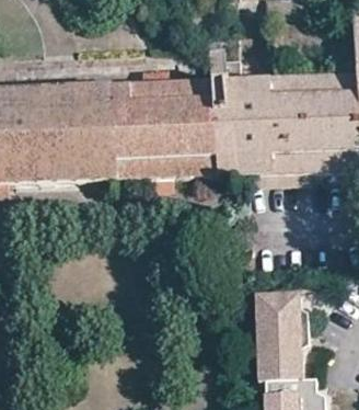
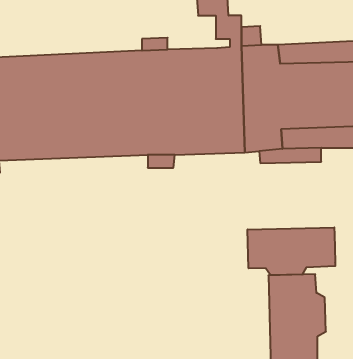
building: none -> [248,227,335,275]

